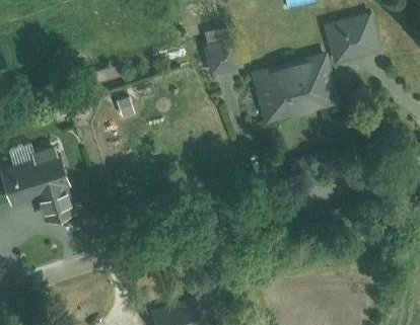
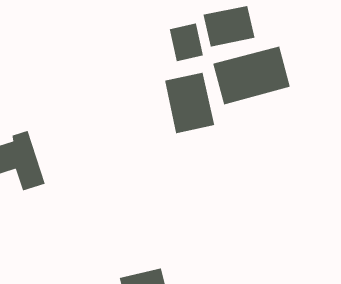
building: [322,16,379,63] -> [203,5,255,48]
building: none -> [164,72,215,134]

